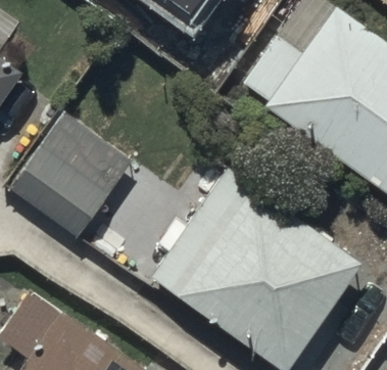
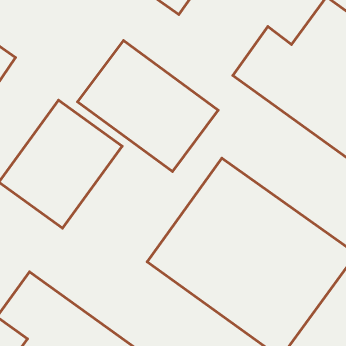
building: none -> [77,41,218,172]

